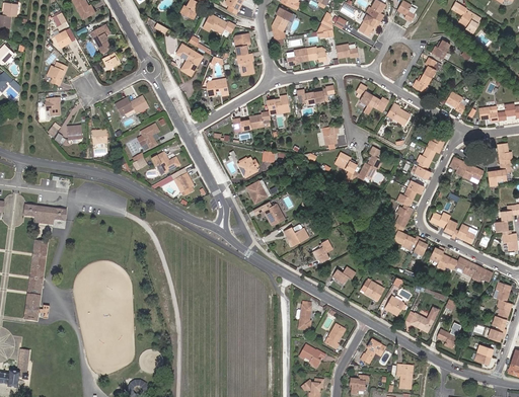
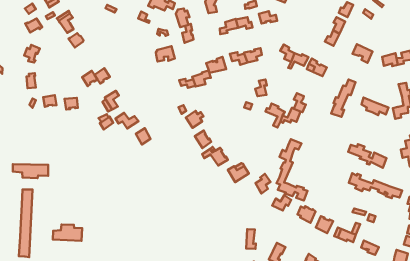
building: [175,44,202,74] -> none
building: [389,179,426,254] -> [277,139,307,201]
building: none -> [53,224,82,241]

